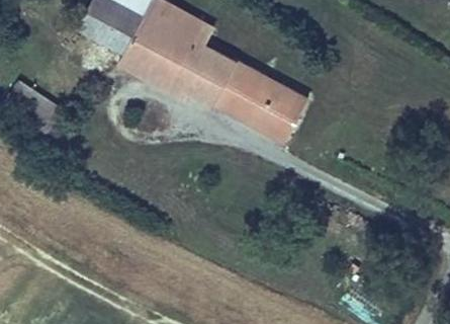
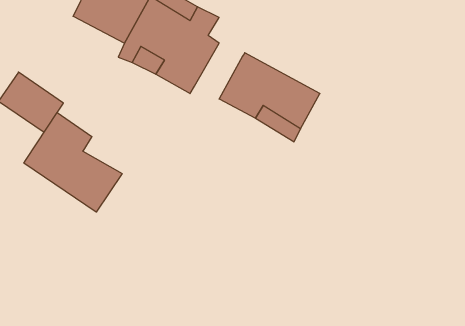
building: [189,52,235,104] -> none
building: none -> [24,113,122,212]

